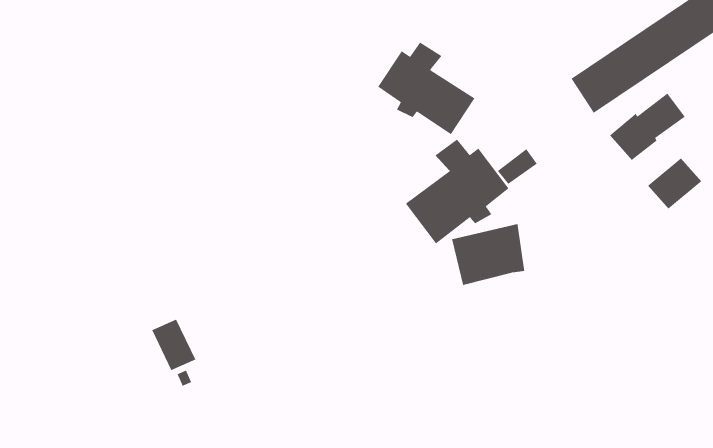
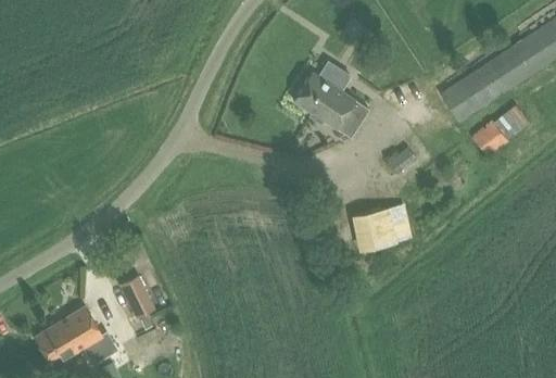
building: [405,139,509,244] -> none
building: [647,157,702,210] -> none
building: none -> [34,306,102,366]

